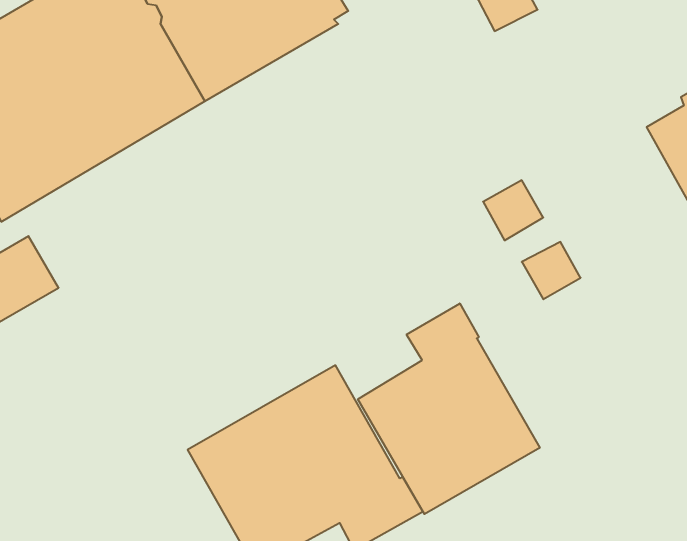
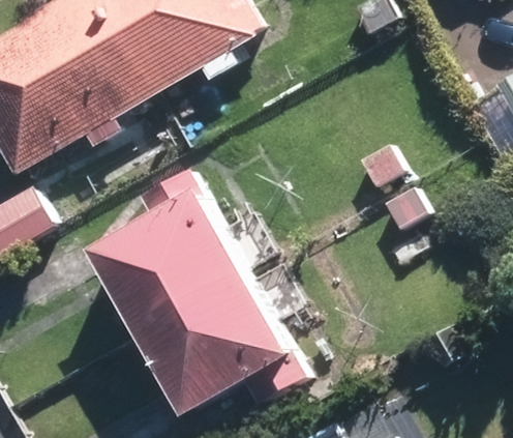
building: none -> [92,178,245,342]
building: [358,303,540,514] -> none

